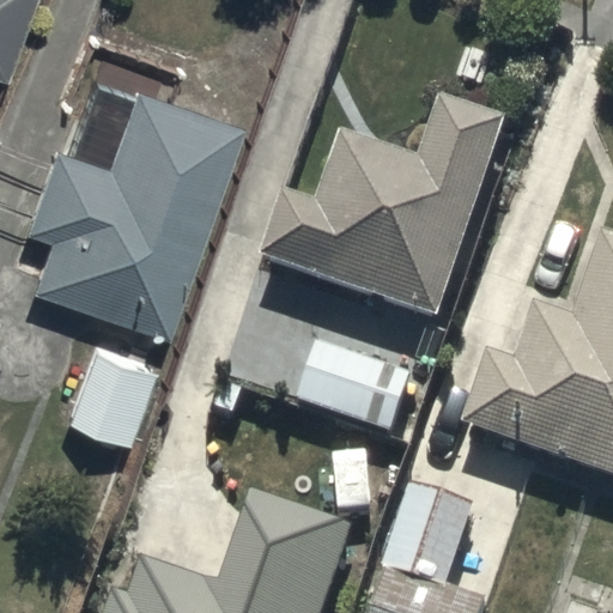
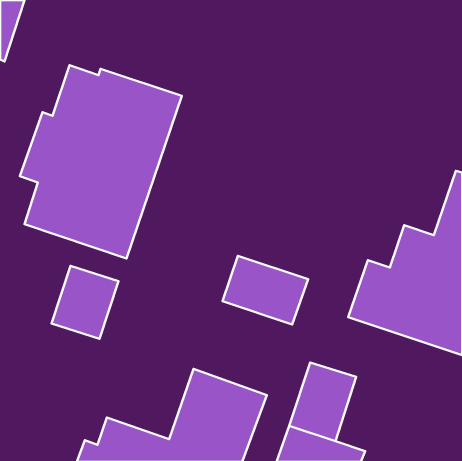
building: [262,95,505,311] -> none

